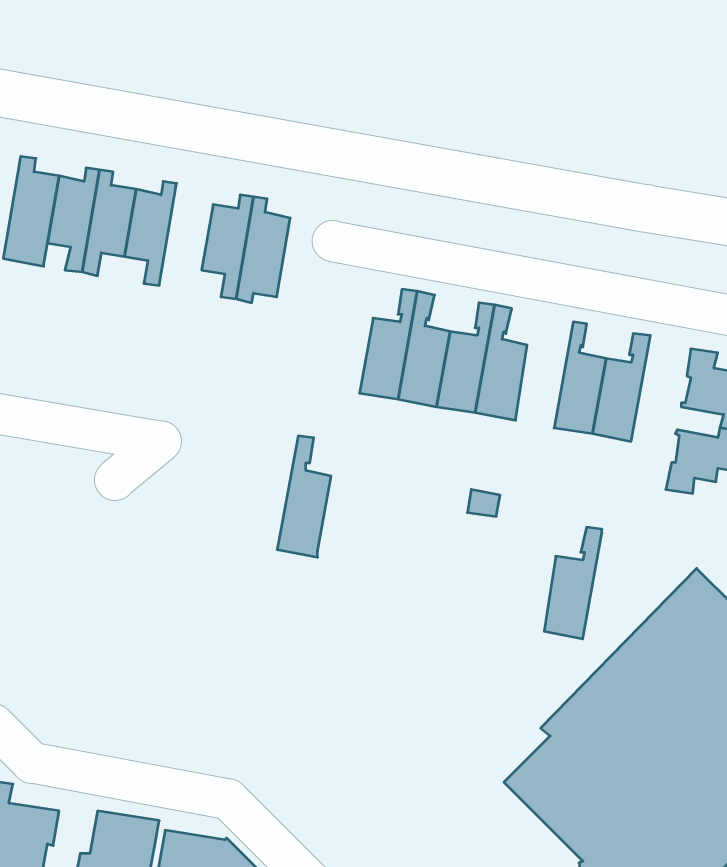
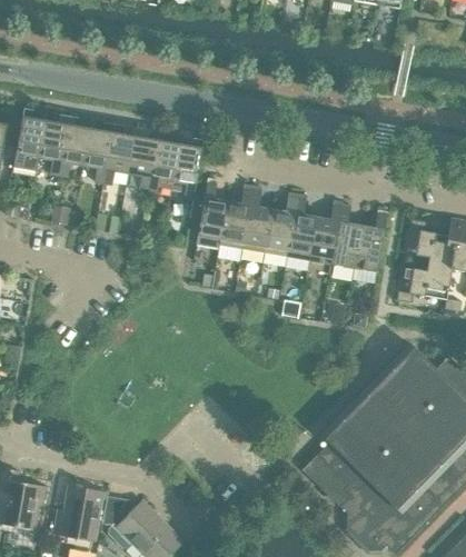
building: none -> [102,123,133,185]
building: none -> [170,138,202,199]
building: [277,436,331,557] -> [195,178,226,248]
building: [544,527,602,639] -> [308,200,341,265]

